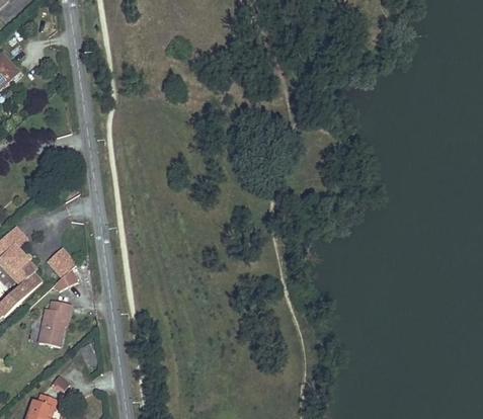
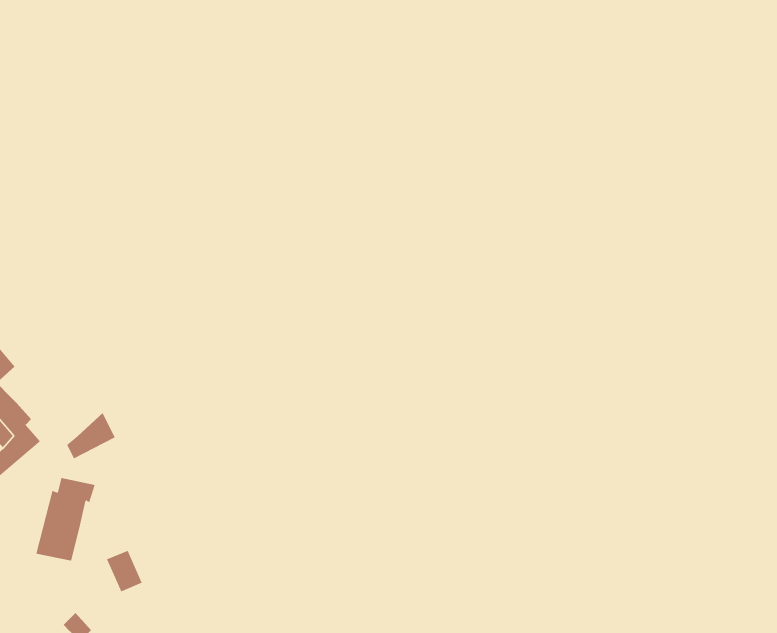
building: [47,247,76,277] -> none

